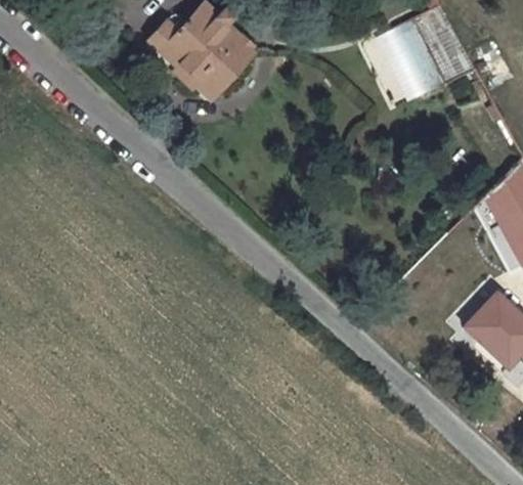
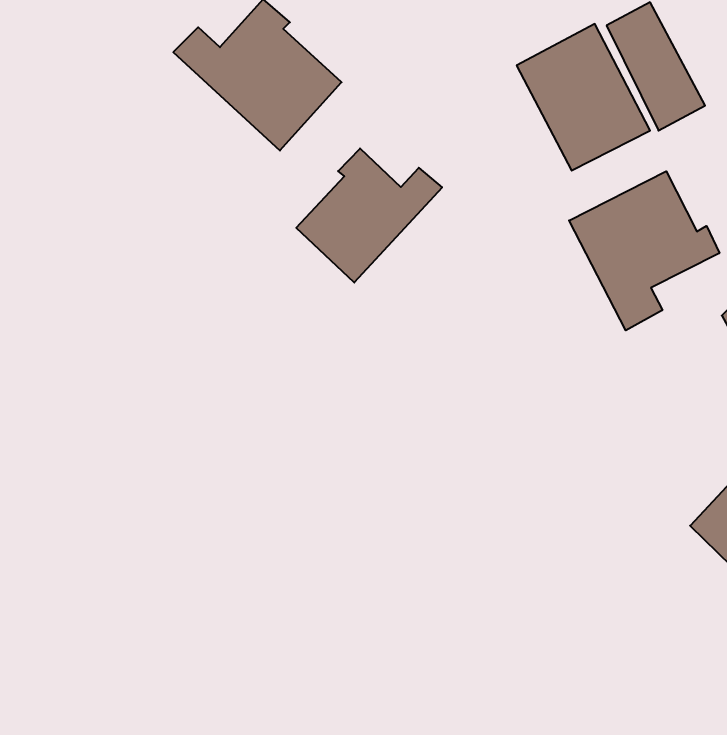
building: none -> [296,148,442,283]
building: none -> [569,171,719,330]

